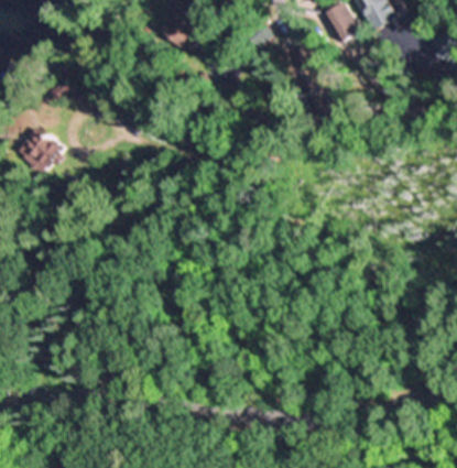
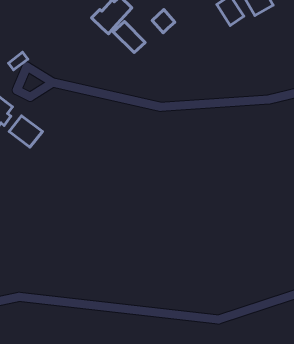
building: none -> [113,22,145,53]
building: none -> [9,116,42,147]

